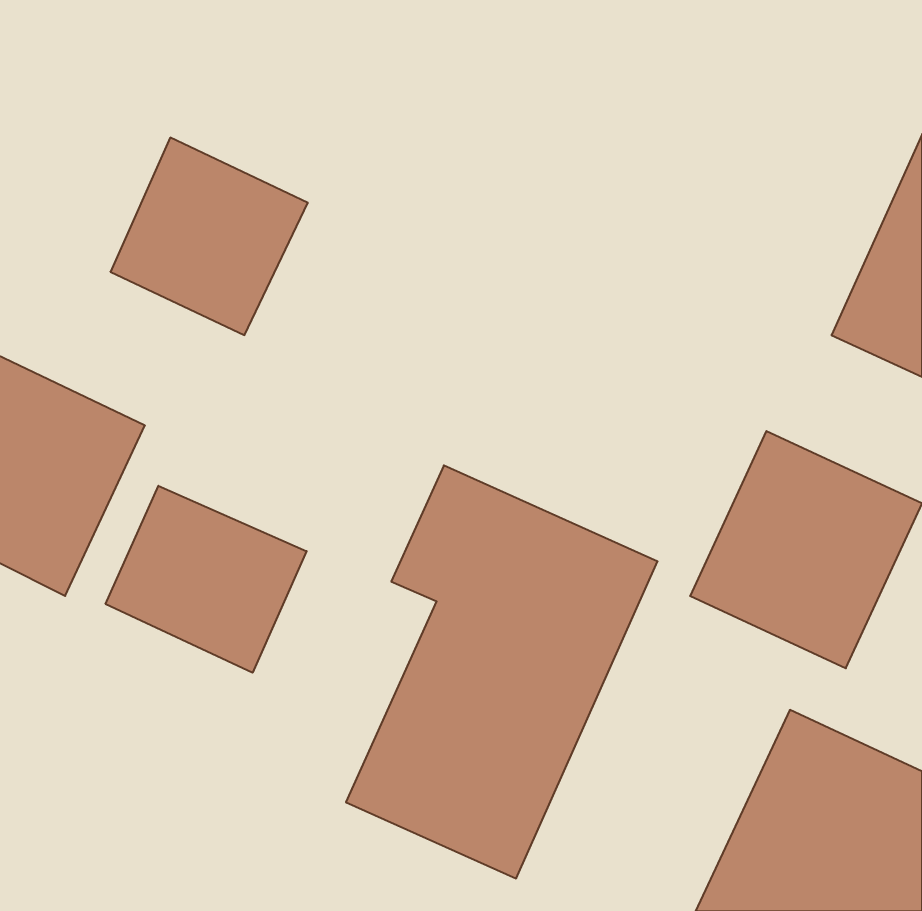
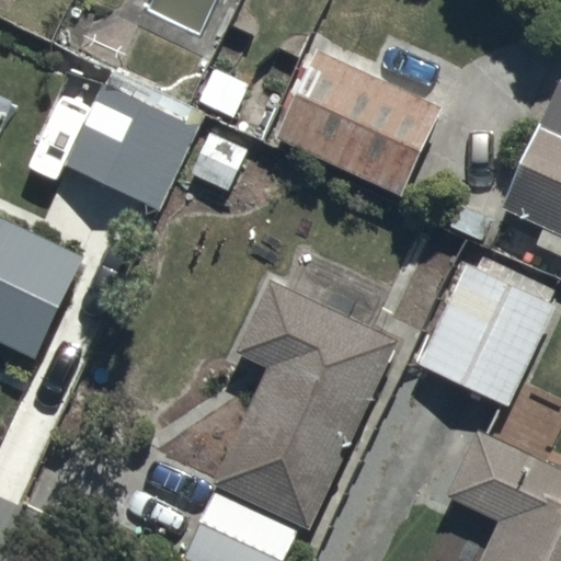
building: none -> [275,53,442,197]
building: [106,486,307,673] -> none

